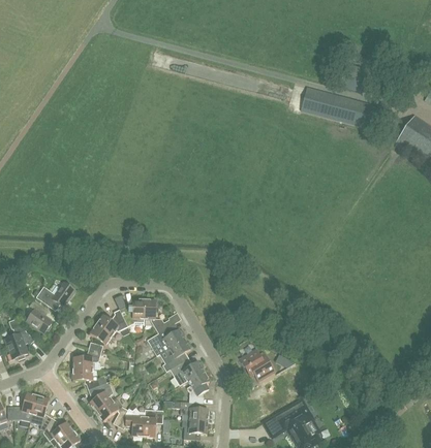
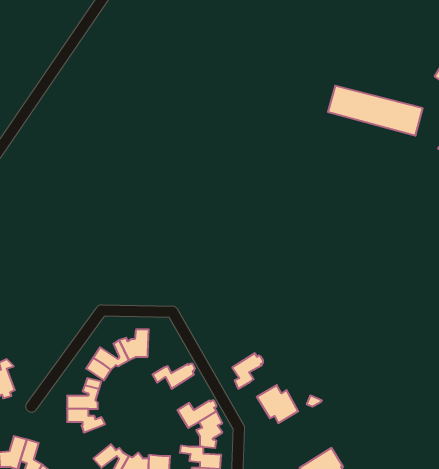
building: [35,282,73,307] -> none
building: [25,299,52,332] -> none
building: [143,299,172,332] -> none
building: [163,339,190,370] -> [232,353,263,389]
building: [87,381,113,412] -> none

